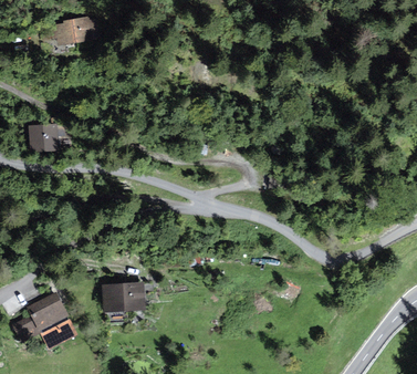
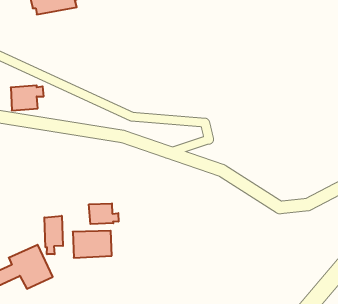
building: none -> [89,203,118,224]
building: none -> [44,216,63,254]

